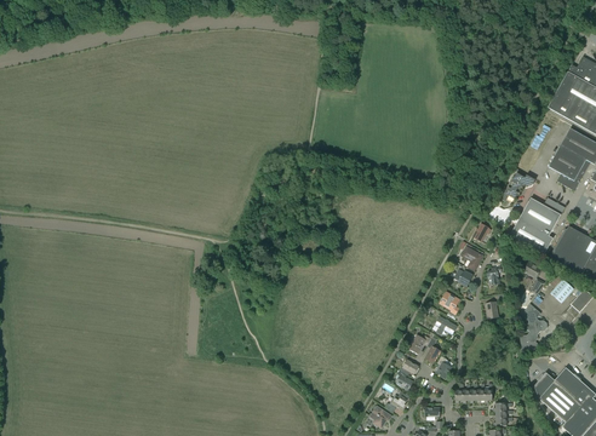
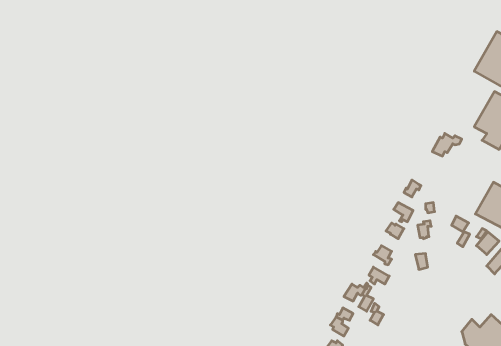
building: [509,197,565,256] -> none
building: [520,304,546,350] -> none

